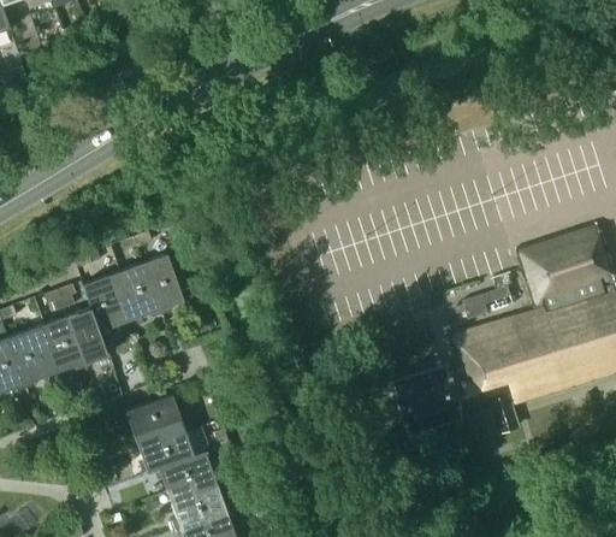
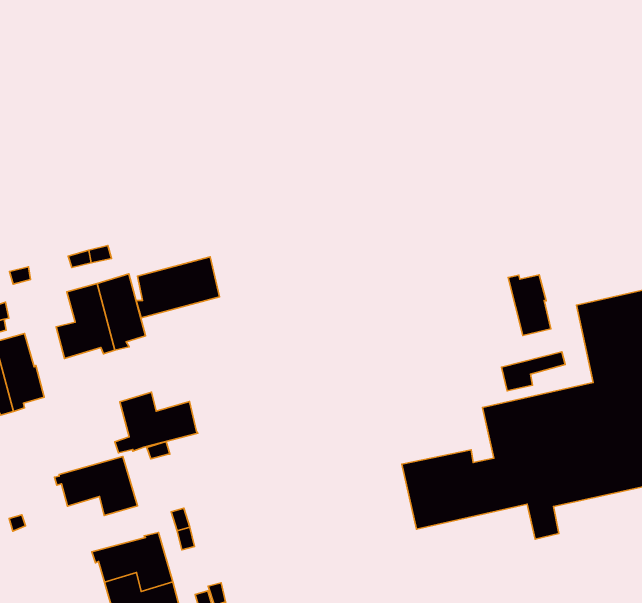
building: none -> [508,275,551,336]
building: none -> [136,257,219,318]
building: [81,271,128,331] -> none
building: [132,427,196,477] -> [115,392,198,453]

